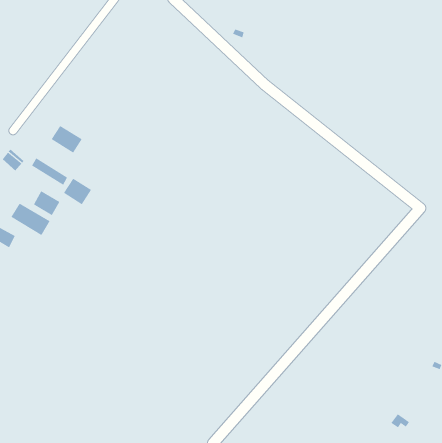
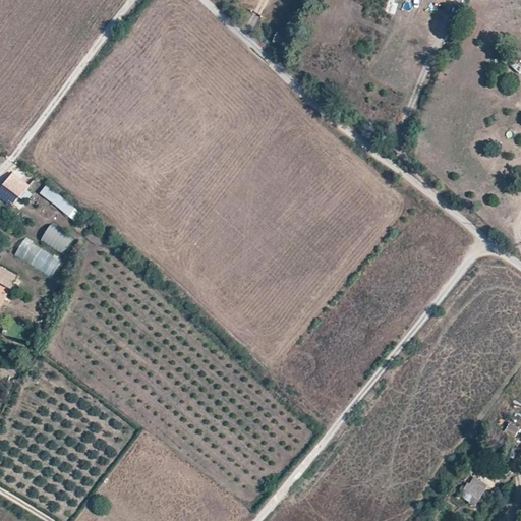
building: [51,125,82,153] -> none
building: [63,178,92,205] -> none

